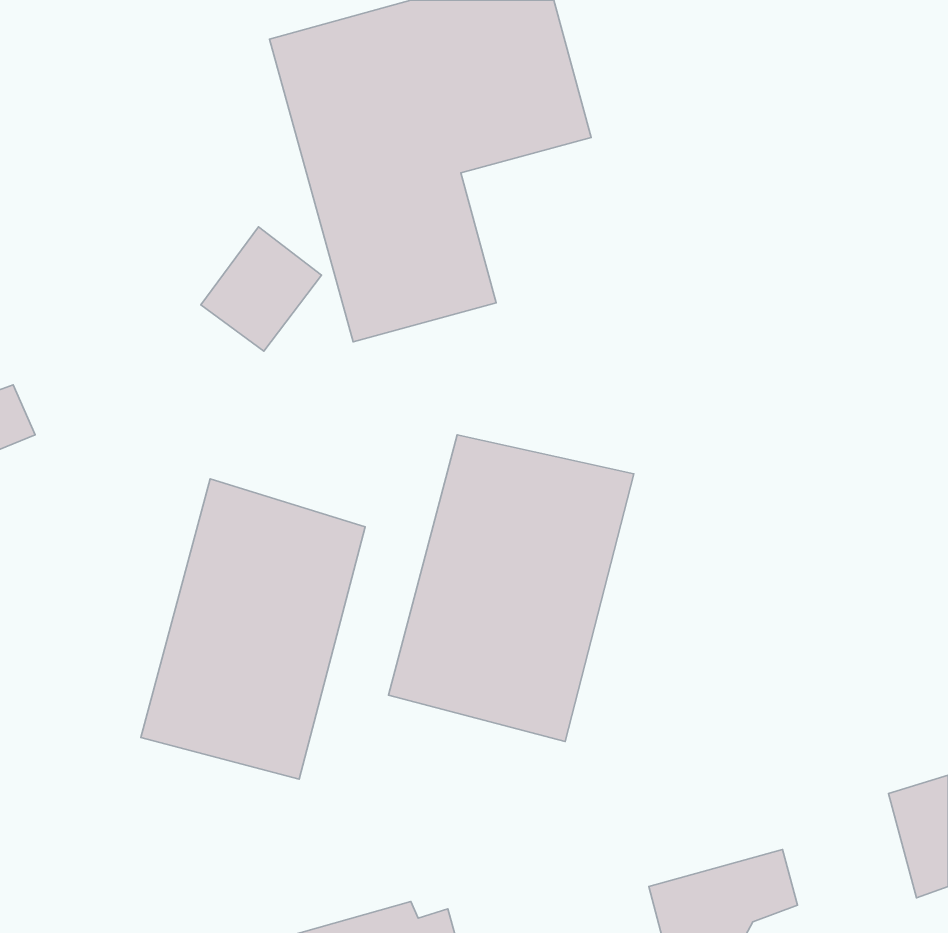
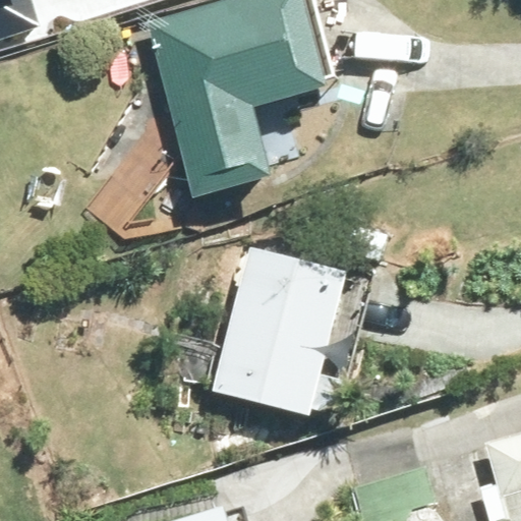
building: [141,479,365,779] -> none

